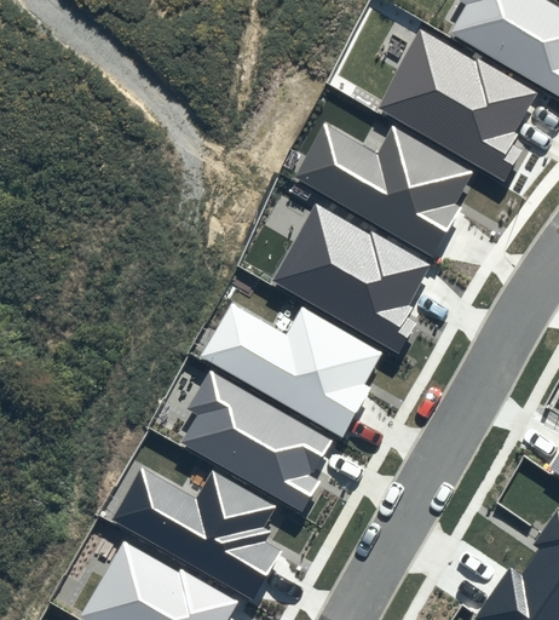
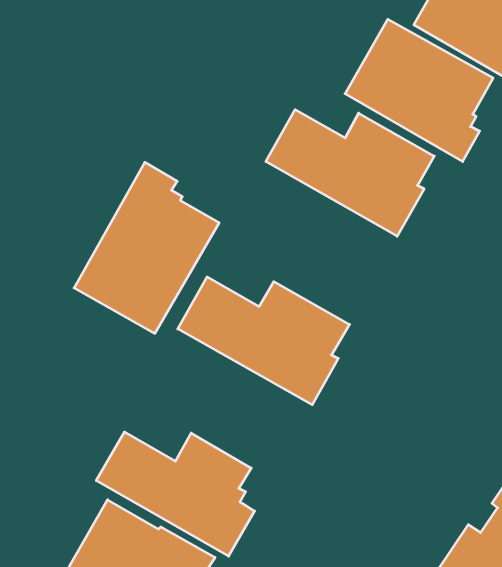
building: none -> [74,162,219,333]
building: [271,202,431,354] -> none
building: [180,368,334,512] -> none

